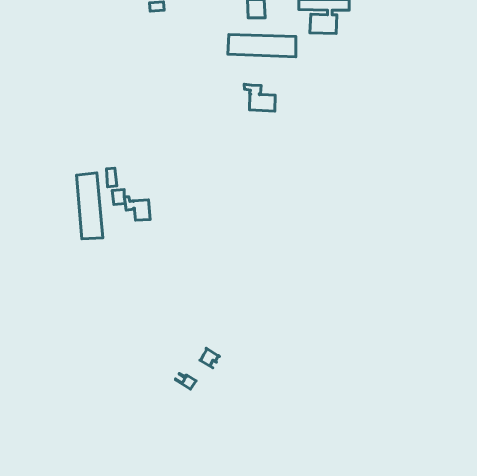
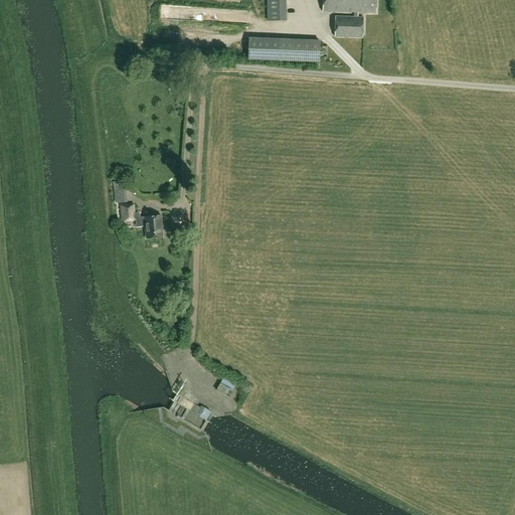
building: [244,84,275,111] -> none
building: [77,173,103,239] -> none

